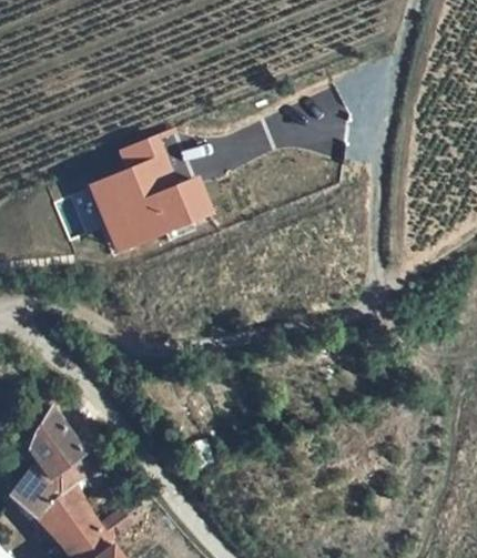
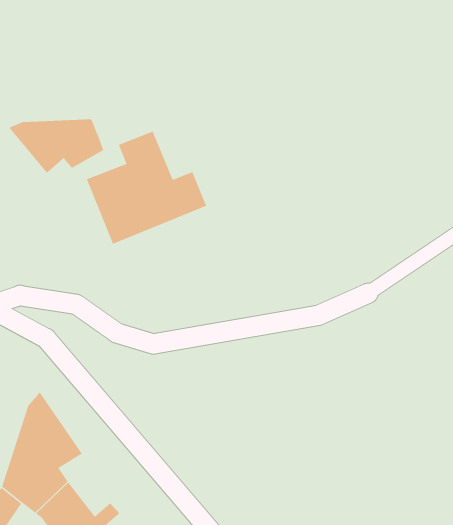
building: none -> [8,119,104,174]

